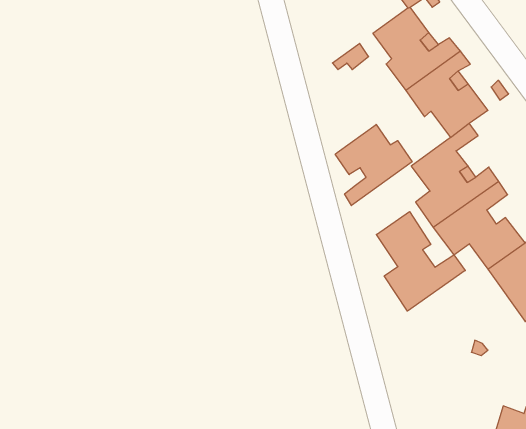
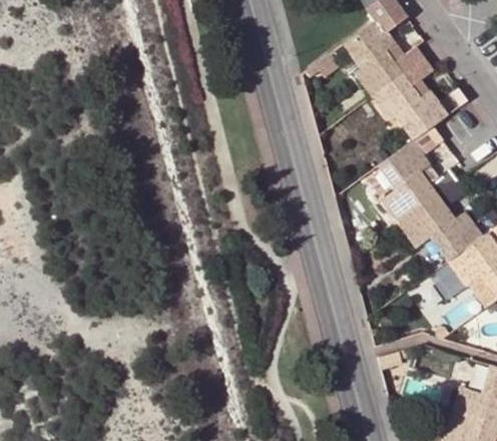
building: [335,124,412,206] -> none
building: [376,212,465,311] -> none

